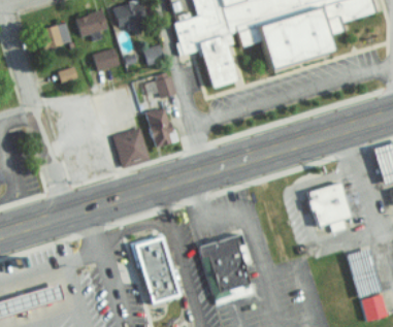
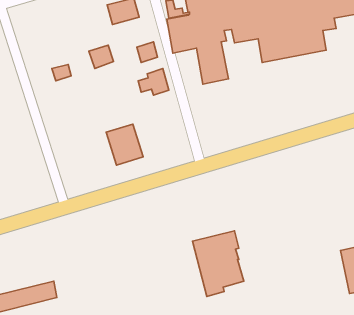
building: [76,11,107,35] -> none
building: [39,23,72,50] -> none
building: [145,106,176,148] -> none
building: [301,182,345,227] -> none
building: [134,231,189,308] -> none

